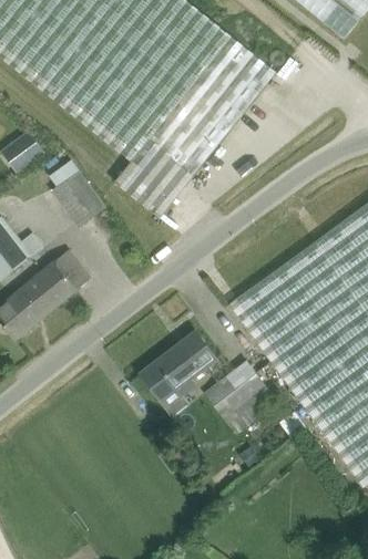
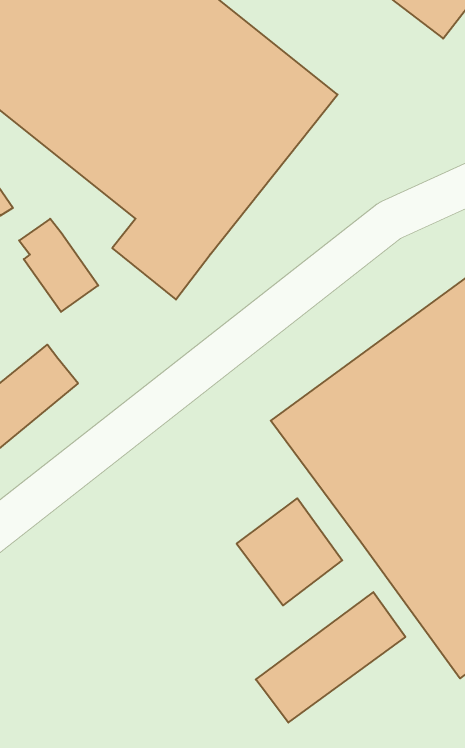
building: [139,331,216,401] -> none
building: none -> [256,592,405,723]

